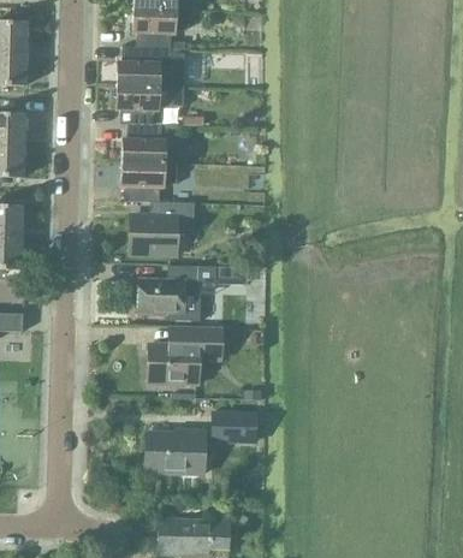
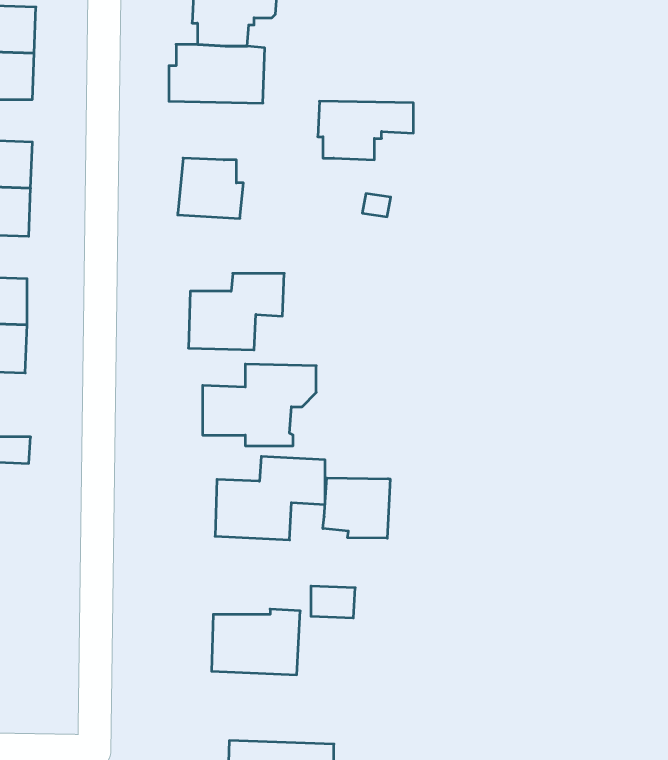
building: [115,87,180,126] -> [318,101,413,160]
building: [121,164,177,203] -> none
building: none -> [323,478,390,538]

